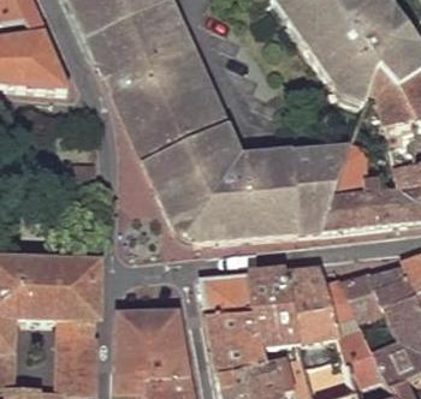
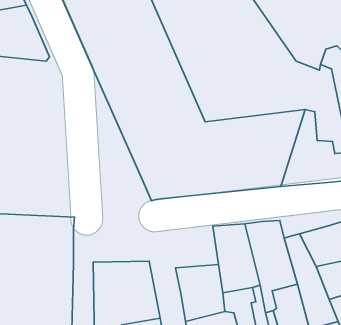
building: [201,272,254,317] -> none

